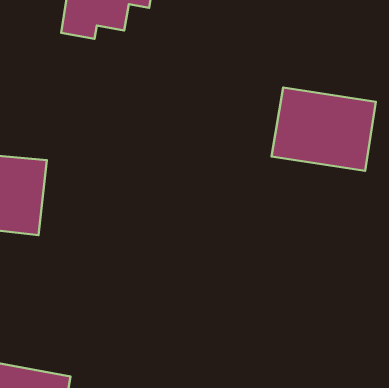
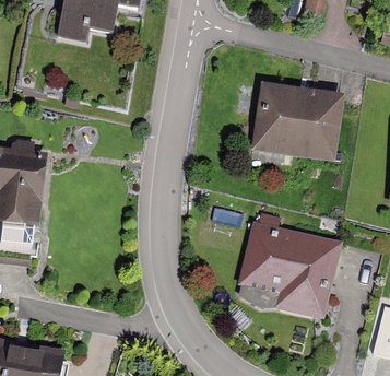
building: none -> [239,223,342,316]

